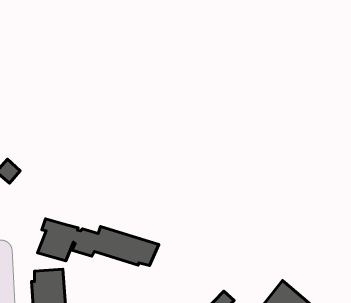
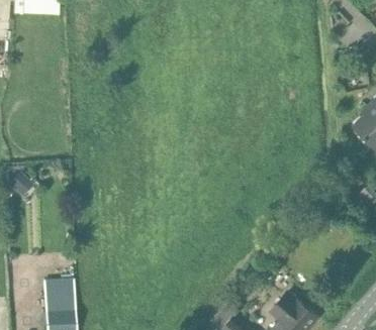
building: [38,219,159,265] -> none

